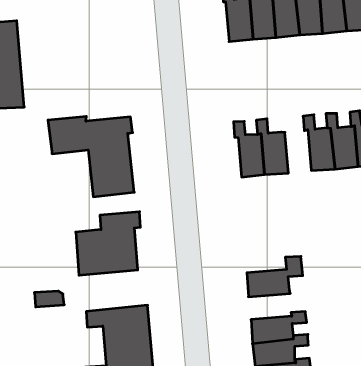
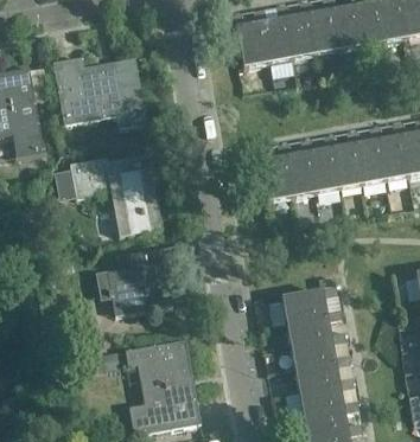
building: none -> [52,57,146,127]
building: none -> [300,137,336,193]
building: none -> [285,307,341,342]

